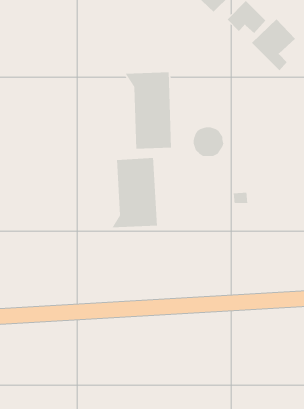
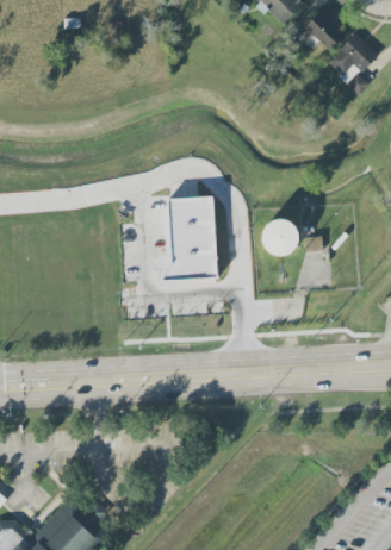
building: [124,71,172,149] -> none
building: [193,126,224,157] -> [261,219,298,255]

